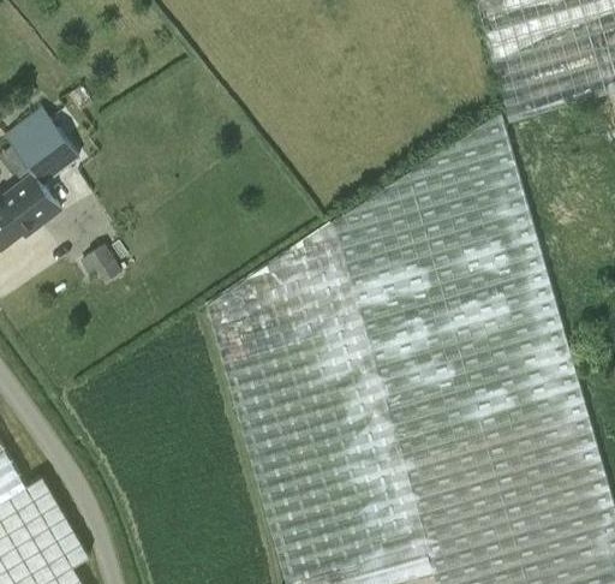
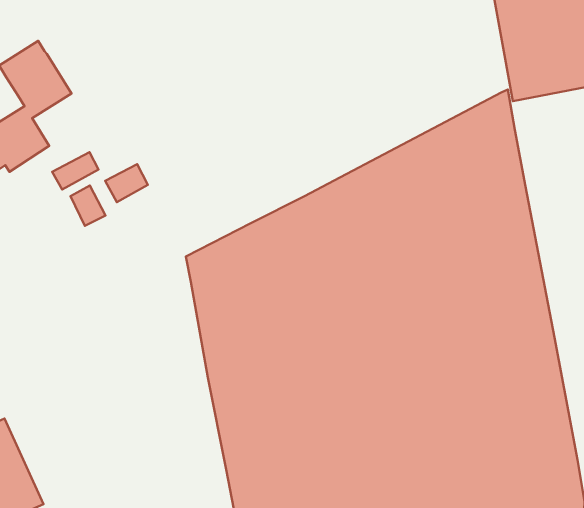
building: none -> [52,152,98,190]
building: none -> [105,164,148,202]

